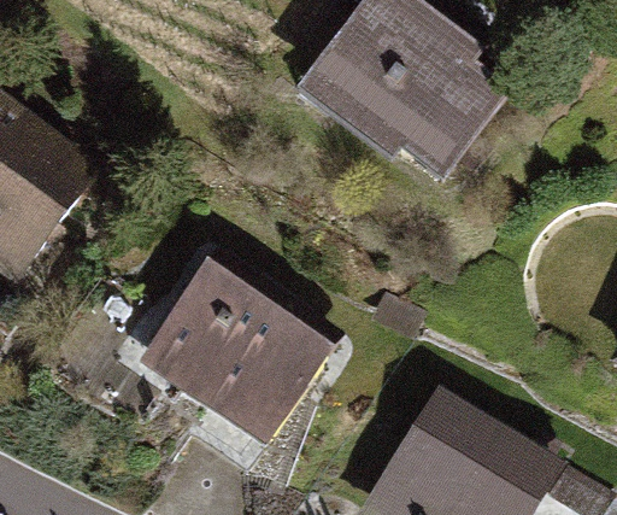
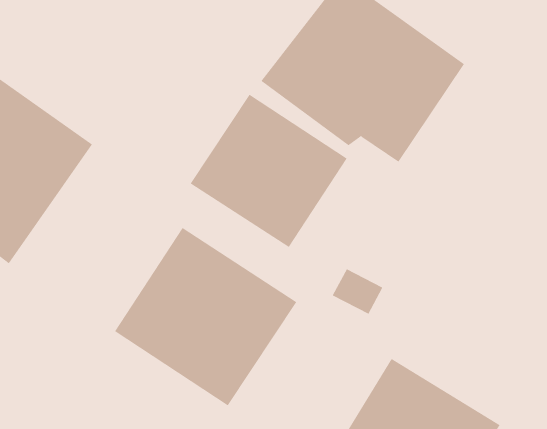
building: none -> [190,94,348,248]

